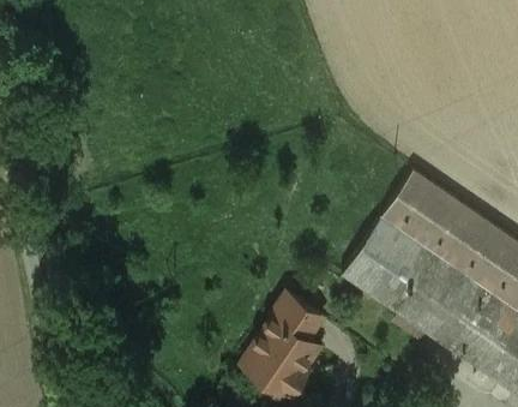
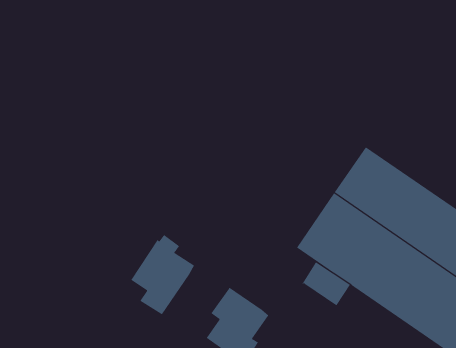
building: none -> [131,234,195,315]
building: [271,294,321,340] -> [302,261,351,306]

